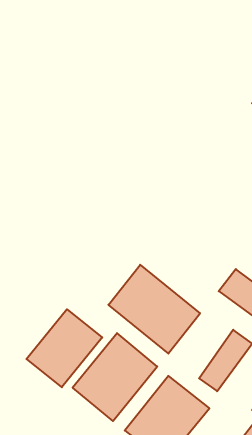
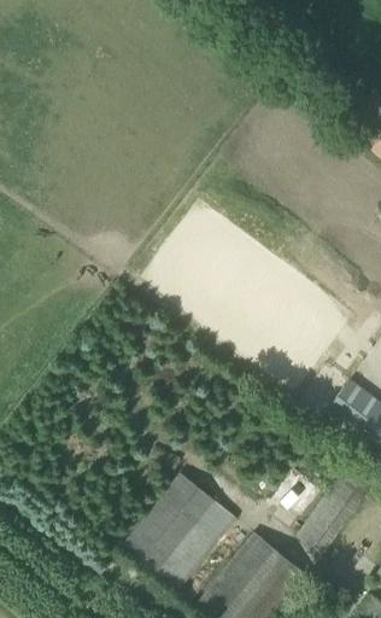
building: [108,265,200,354] -> none
building: [26,309,102,387] -> none

